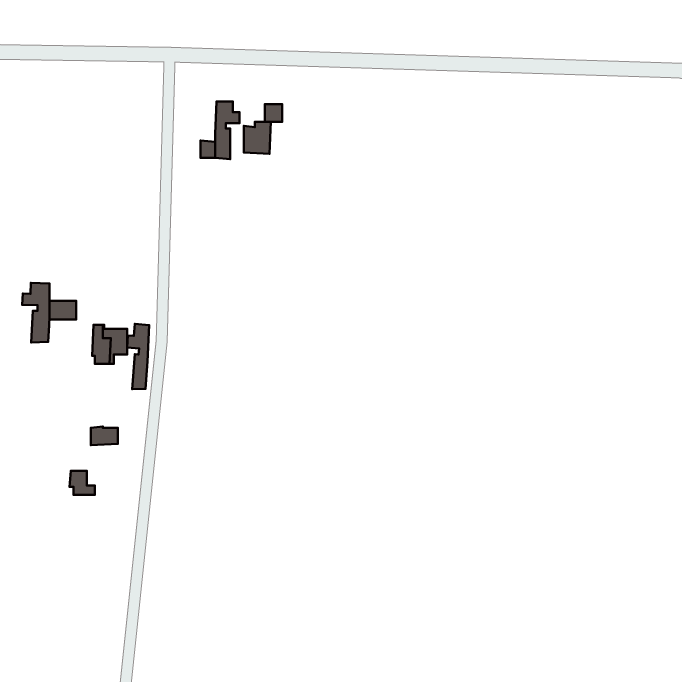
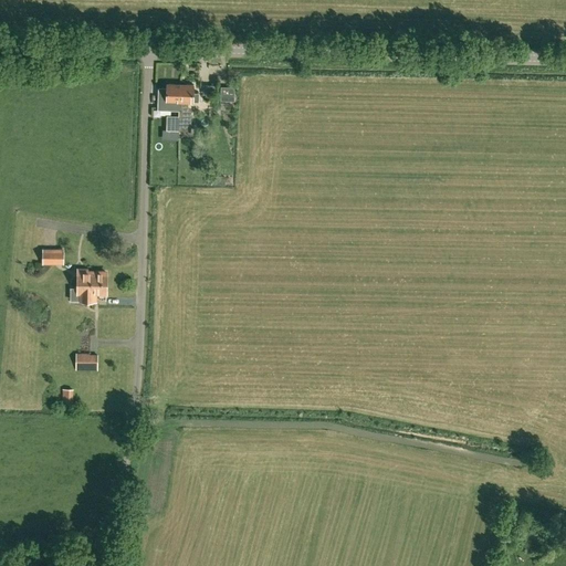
building: [244,122,271,154] -> [157,85,179,112]
building: [22,283,49,343] -> none
building: [127,324,149,389] -> none

